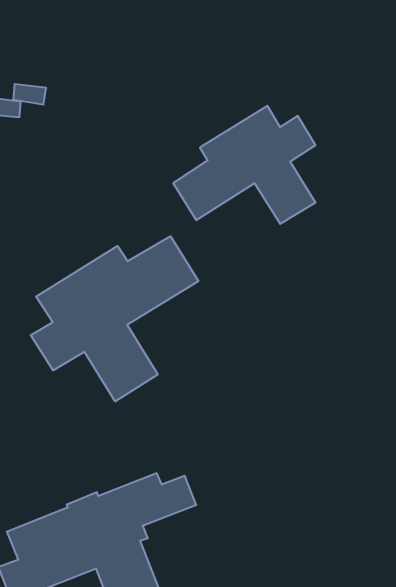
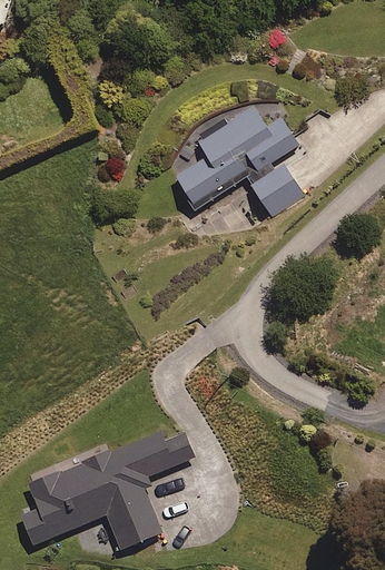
building: [31,236,198,401] -> none

